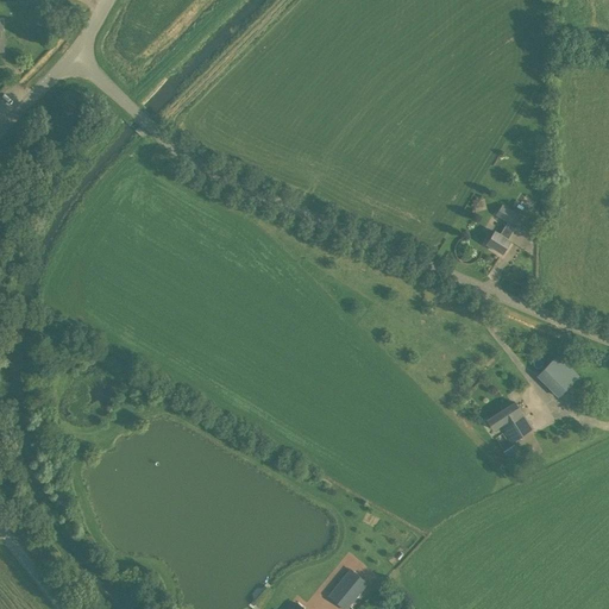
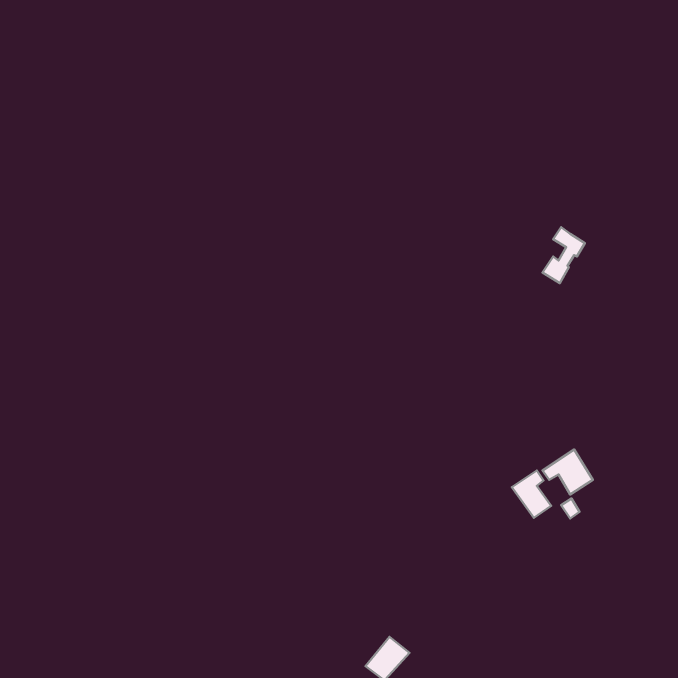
building: [535,356,578,398] -> none
building: none -> [512,470,551,518]

